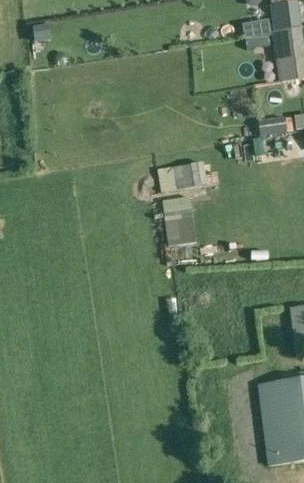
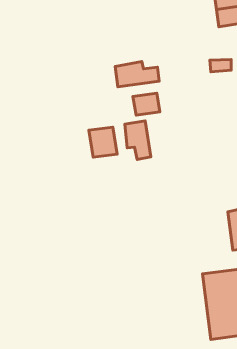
building: none -> [115,62,159,87]
building: none -> [89,127,117,157]

